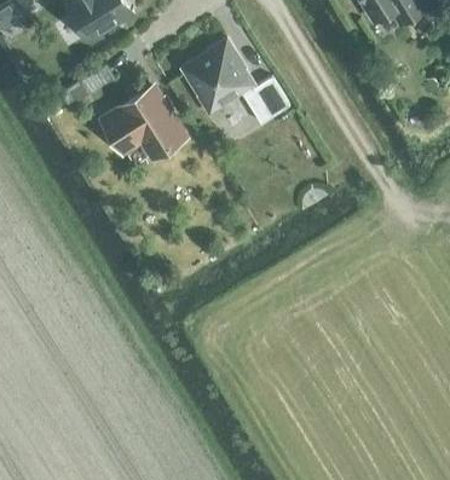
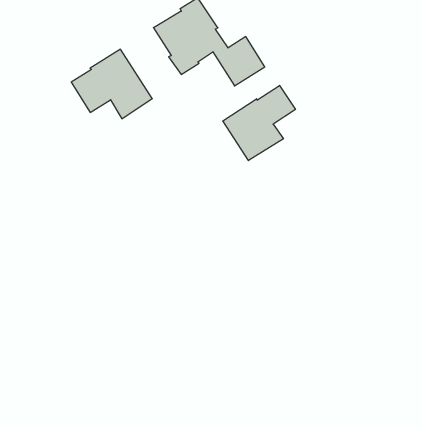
building: none -> [223,85,295,161]

